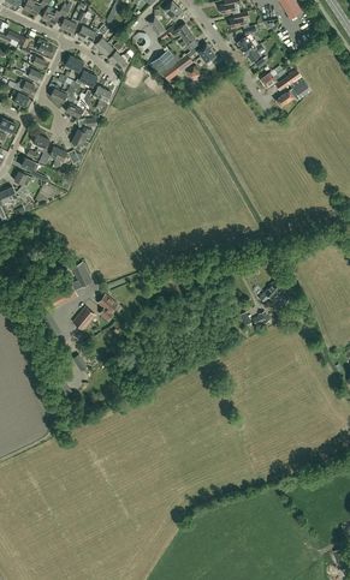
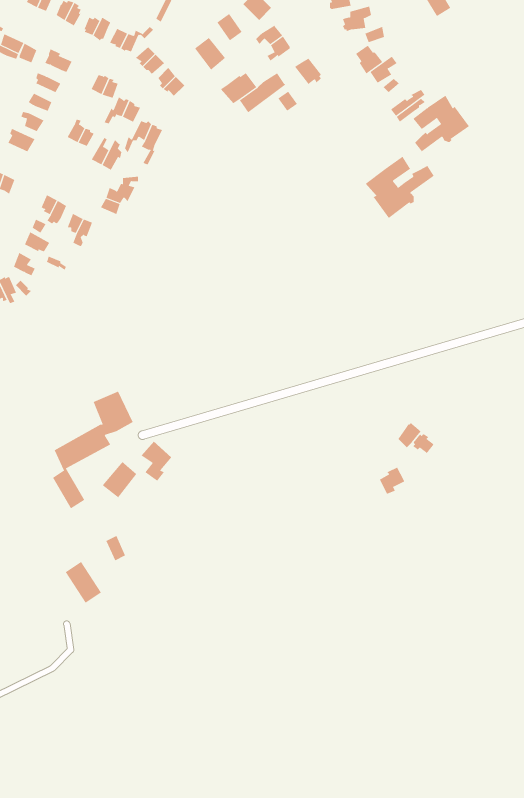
building: none -> [365,156,434,219]

